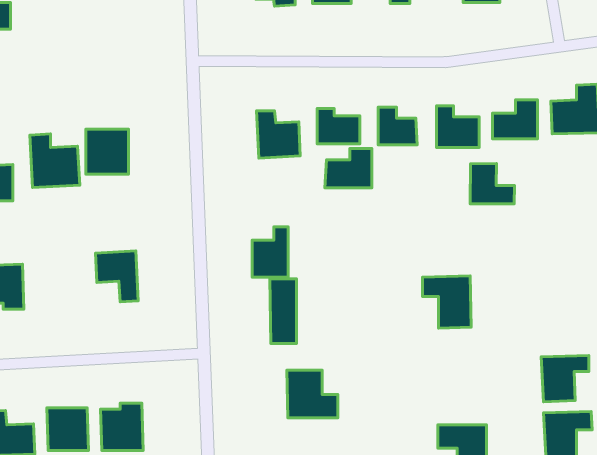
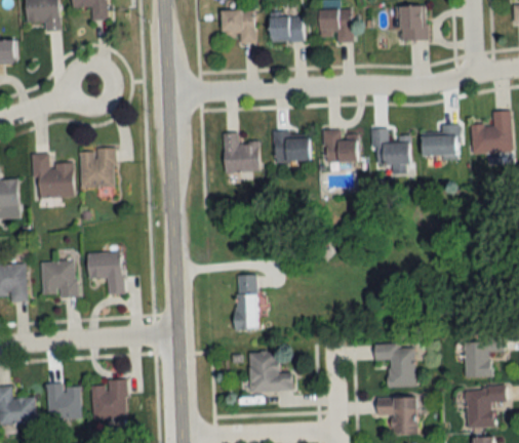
building: [325,148,372,188] -> none
building: [470,164,515,204] -> none
building: [252,227,288,277] -> none
building: none -> [41,259,77,296]
building: [423,276,471,328] -> [374,343,415,387]

